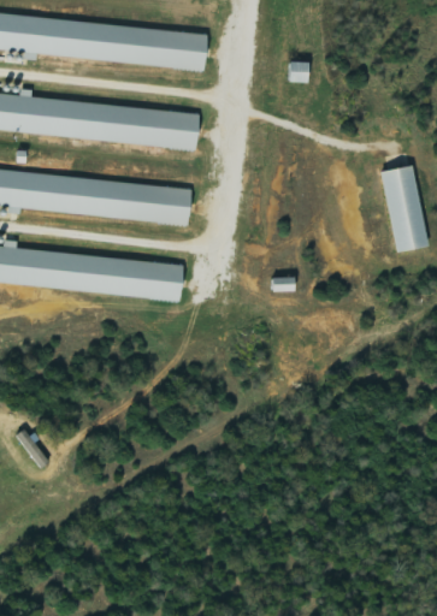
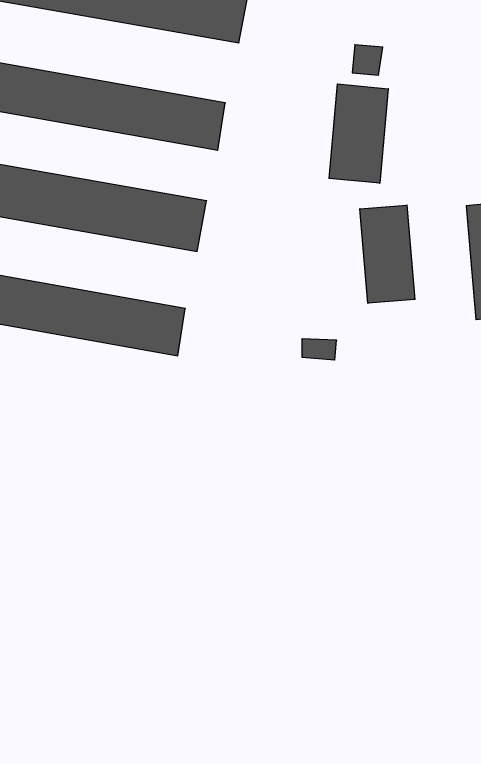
building: none -> [329,84,388,183]
building: none -> [360,205,415,303]

